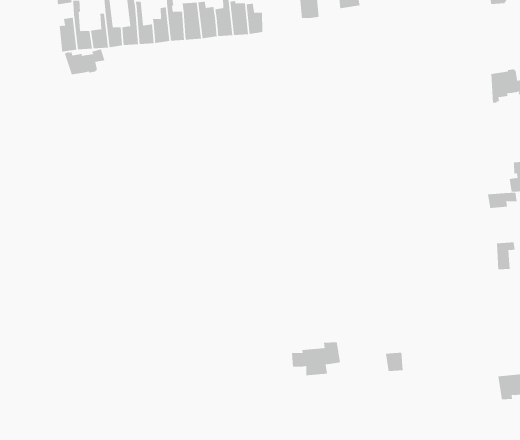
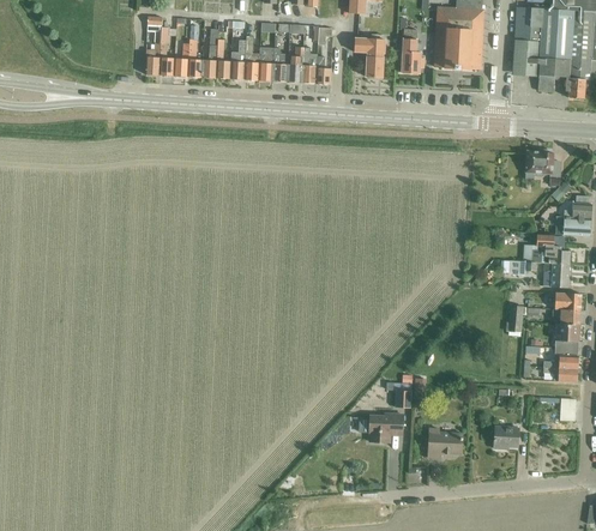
building: [64,49,105,75] -> none
building: [291,342,341,376] -> [359,414,403,442]
building: none -> [428,428,463,458]

